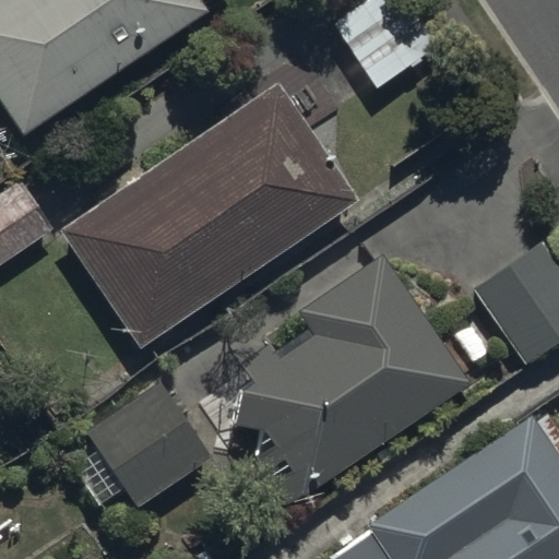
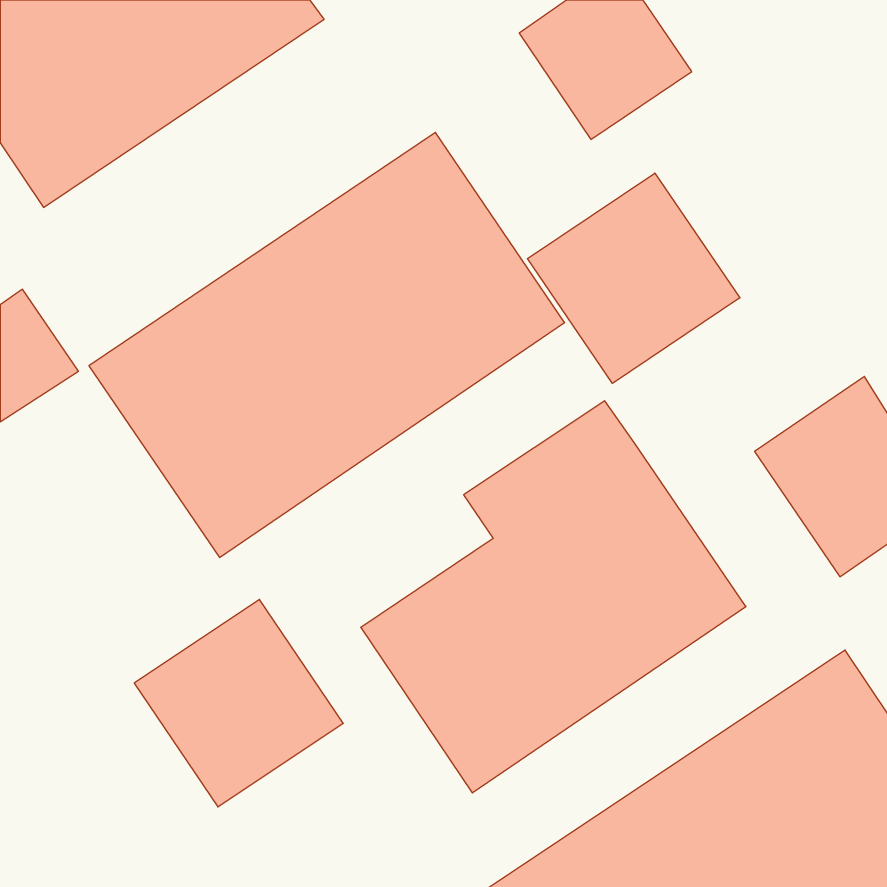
building: none -> [527,173,740,383]

